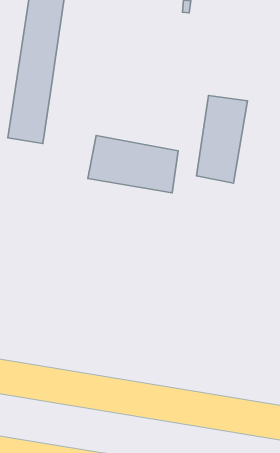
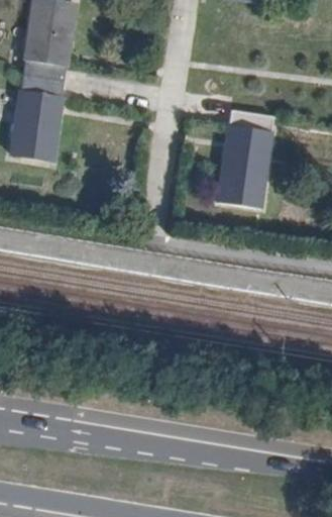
building: [88,135,178,193] -> none

